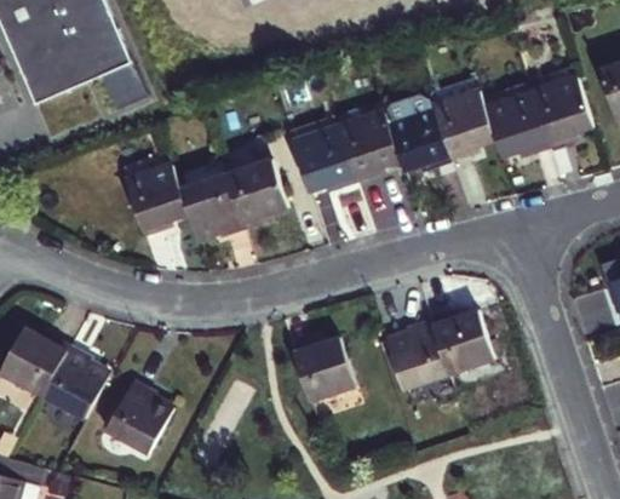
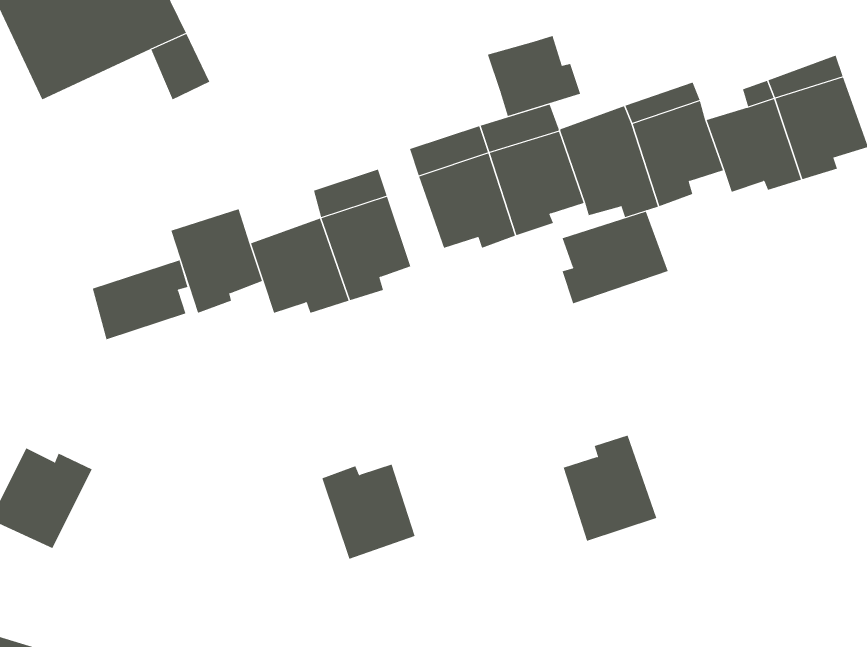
building: none -> [487,35,581,117]
building: none -> [562,211,669,304]
building: none -> [92,259,188,340]
building: [429,312,493,377] -> none
building: [289,338,352,402] -> [322,464,416,560]
building: [44,344,110,419] -> none
building: [109,380,173,454] -> none

